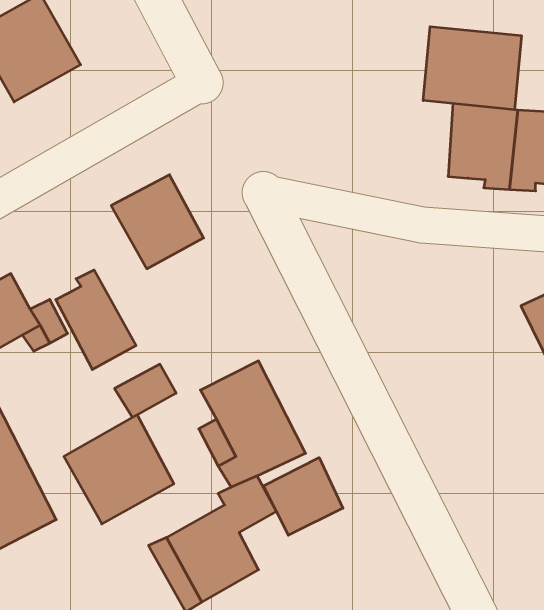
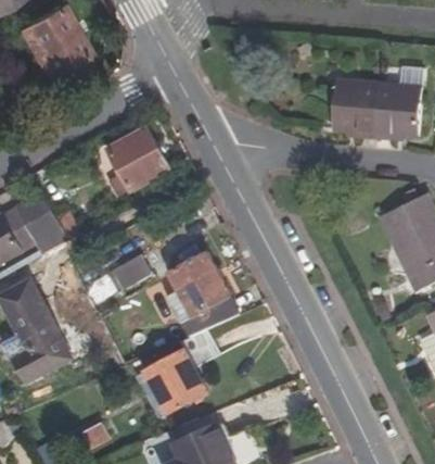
building: [423,27,521,110] -> none
building: [56,270,136,370] -> none
building: [64,415,174,524] -> none
building: [264,458,343,535] -> none

